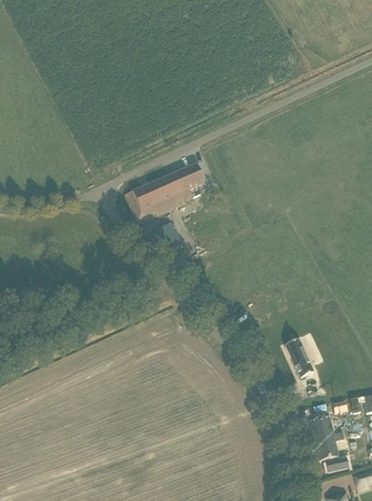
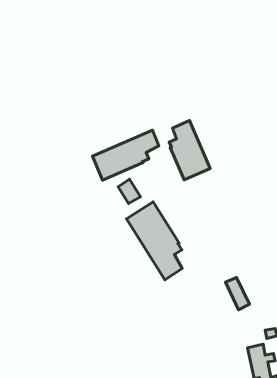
building: none -> [169,121,210,180]
building: none -> [126,202,182,280]

